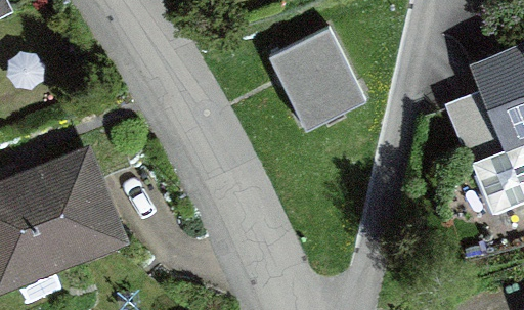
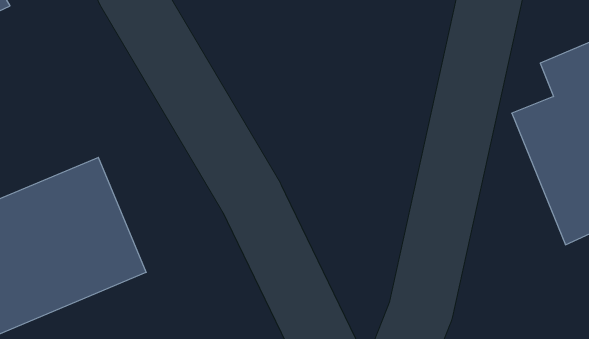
building: [269,27,368,134] -> none

